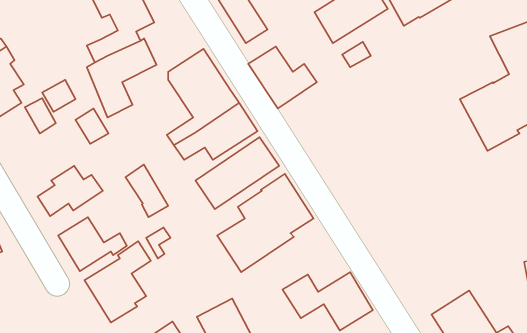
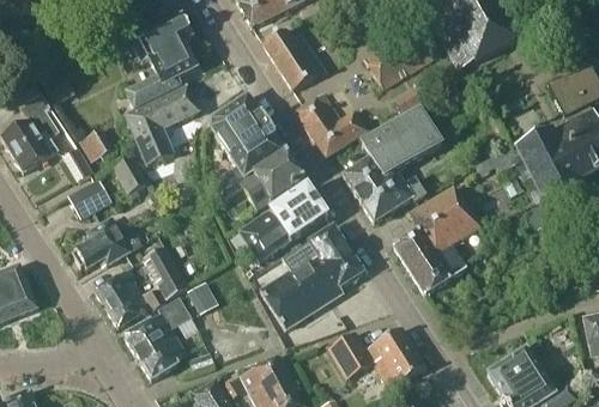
building: none -> [343,110,440,220]
building: none -> [68,176,109,214]
building: none -> [393,184,478,292]
building: [126,164,168,217] -> [143,244,187,299]

